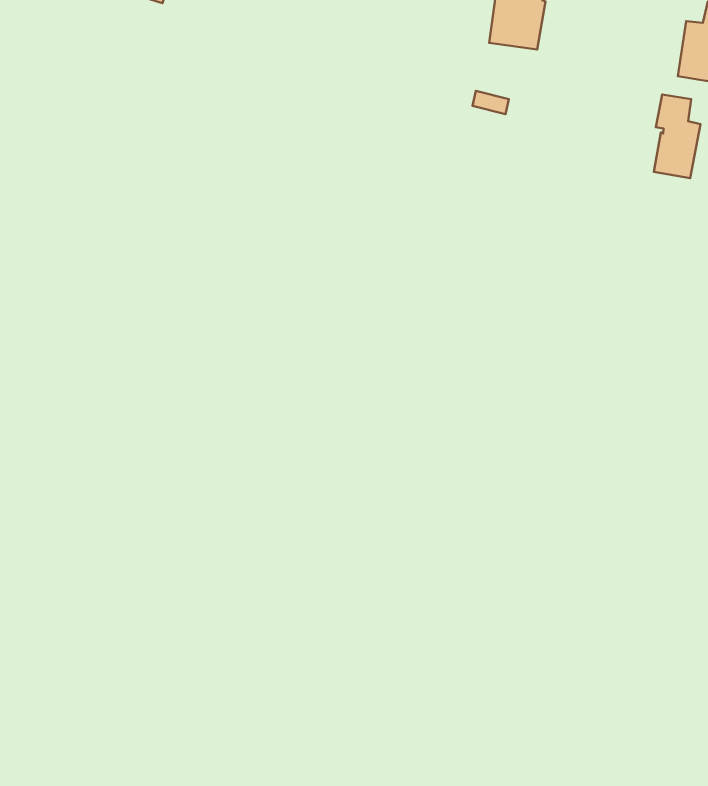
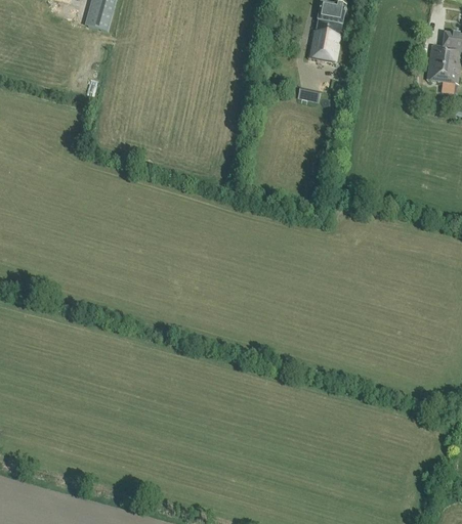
building: [654,94,700,178] -> none

